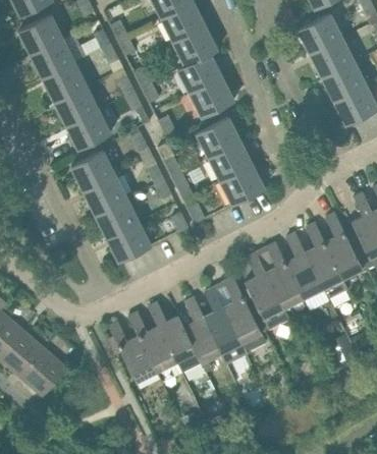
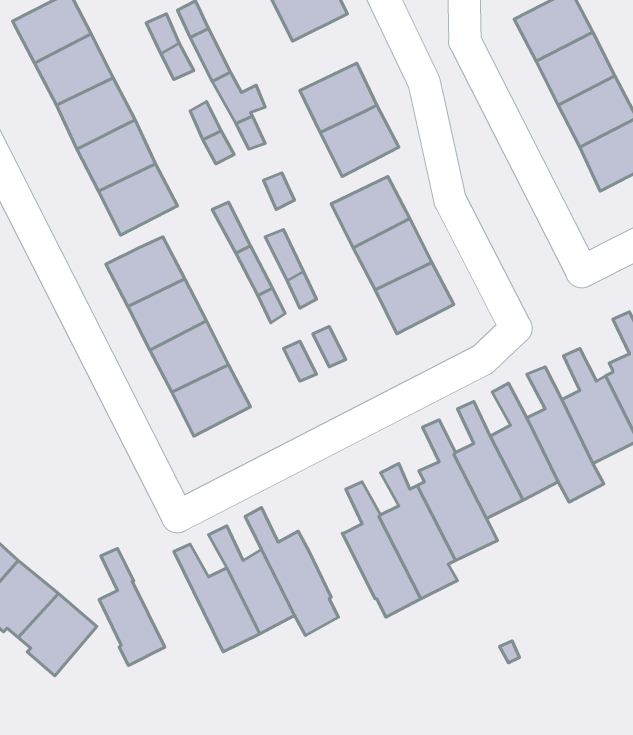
building: [174,26,217,69] -> none
building: [183,297,220,362] -> [99,548,165,665]

